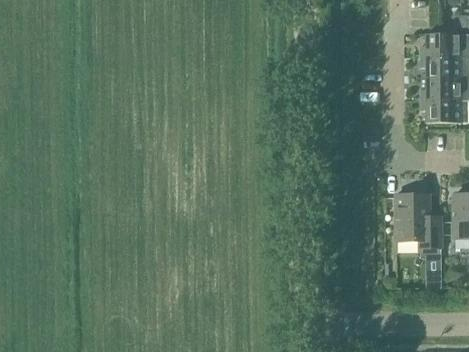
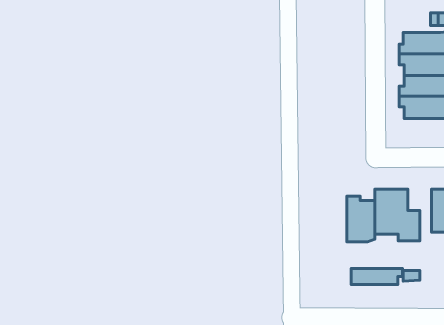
building: none -> [347,196,375,242]
building: none -> [351,268,403,285]

